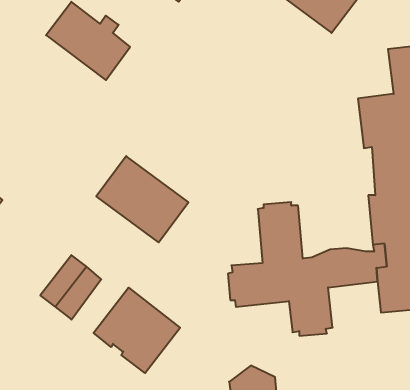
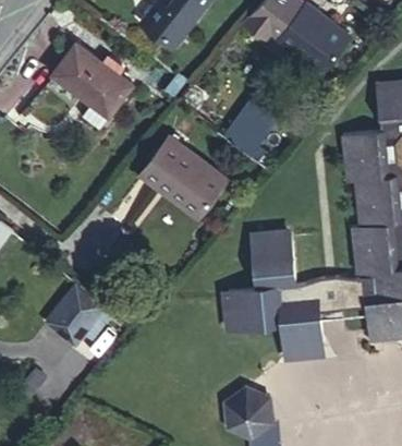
building: none -> [227,96,281,156]
building: [96,156,188,242] -> [139,136,227,218]
building: [94,288,180,373] -> none

